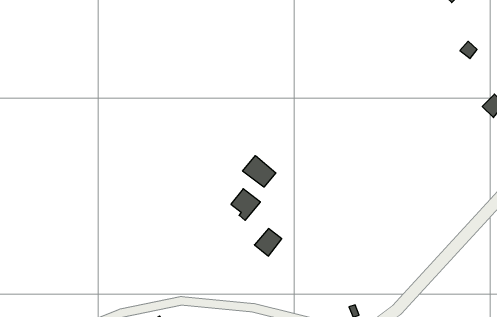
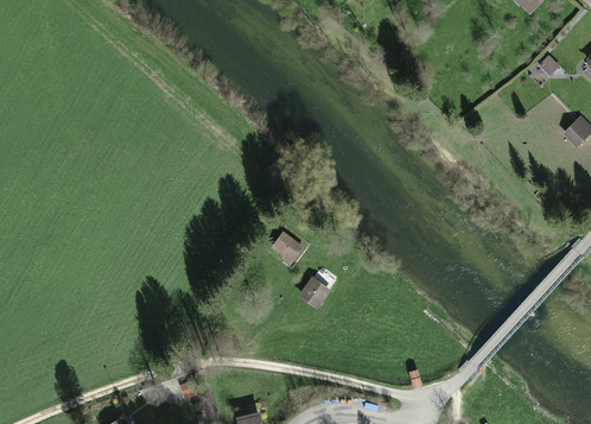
building: [243,156,276,187] -> none

